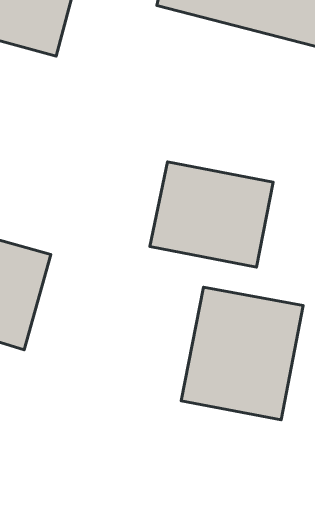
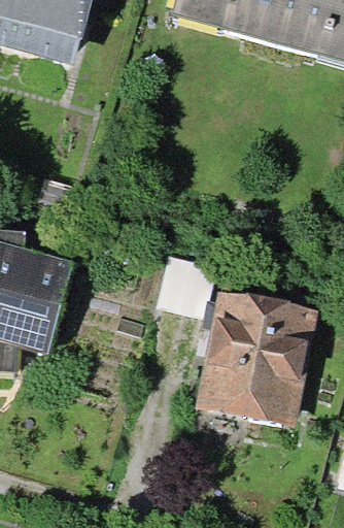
building: [150,162,273,267] -> none

